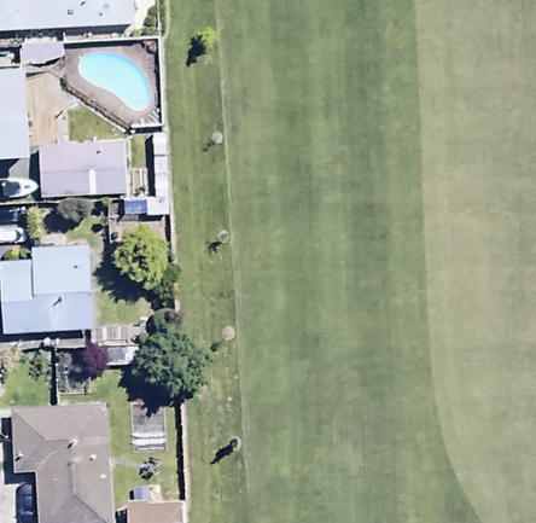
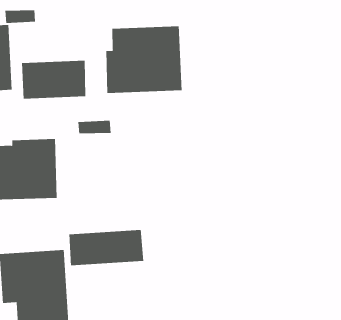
building: none -> [106,26,182,94]
building: none -> [69,229,144,266]

